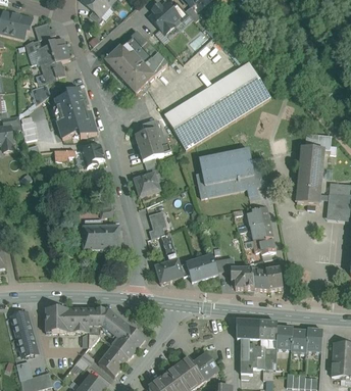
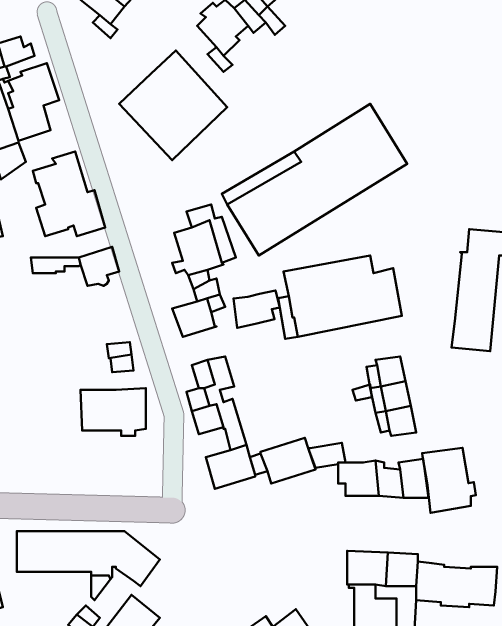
building: none -> [234,290,280,328]
building: none -> [422,448,476,513]
building: [108,325,144,358] -> none

